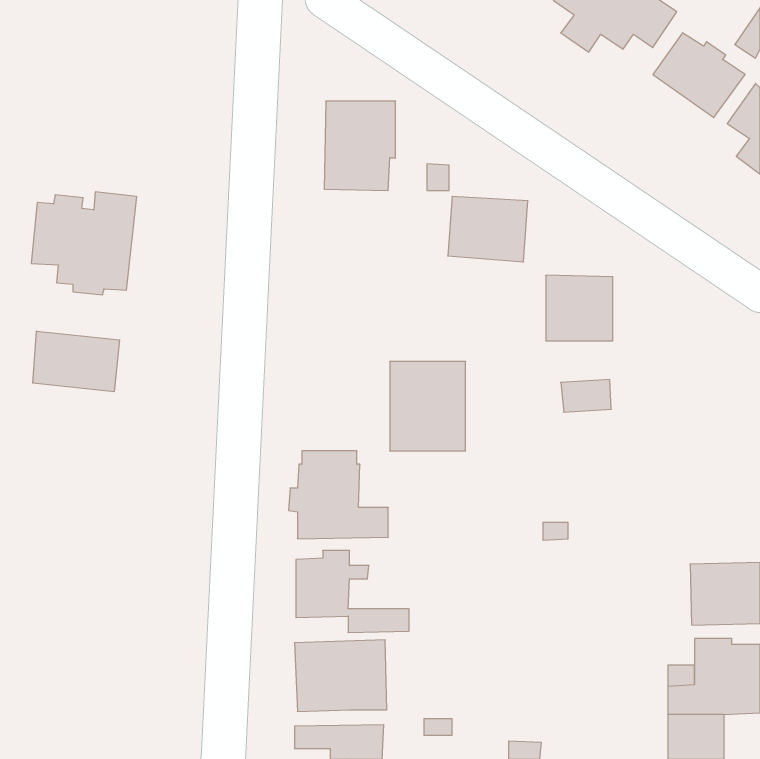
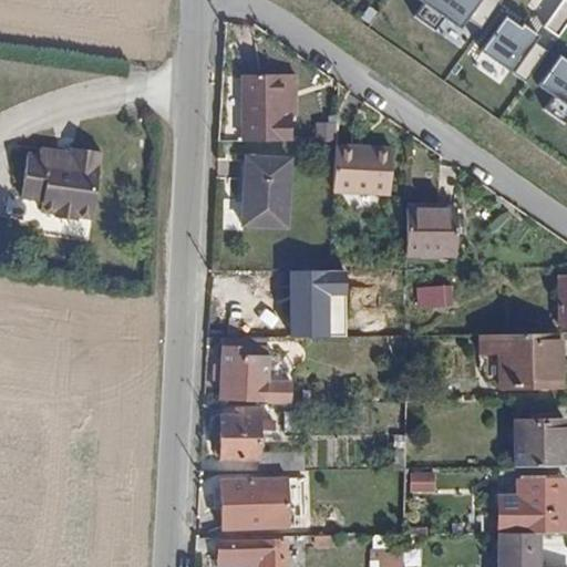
building: none -> [241,156,291,226]
building: [33,331,120,392] -> none
building: none -> [477,332,561,388]

